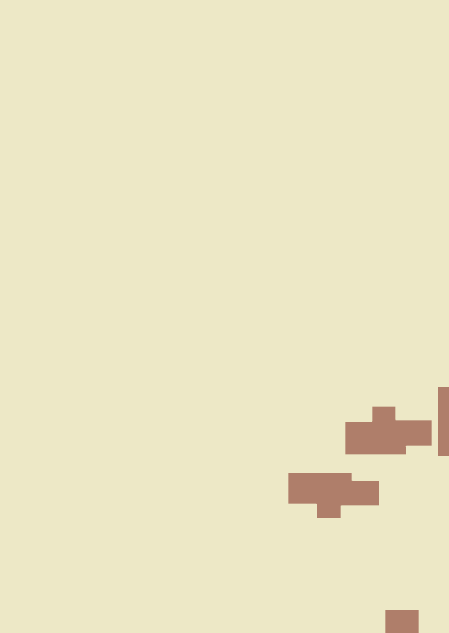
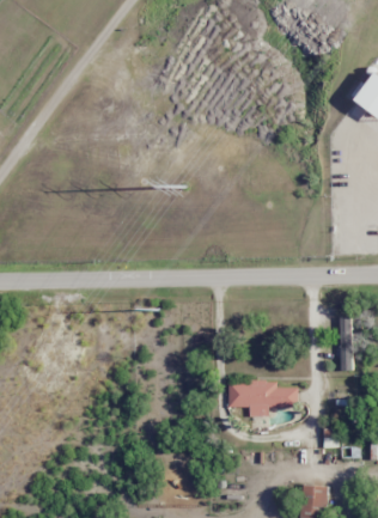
building: [345,406,432,455] -> none

